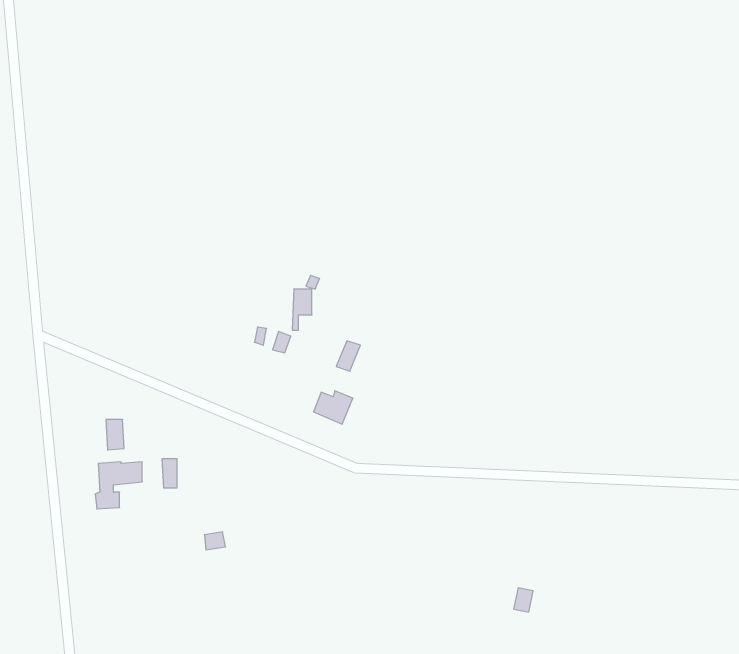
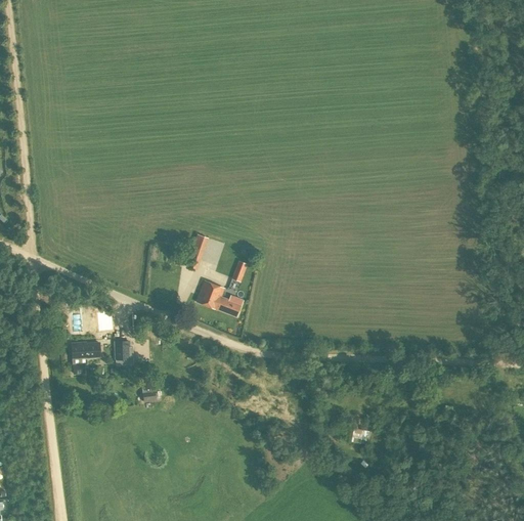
building: none -> [195,279,224,308]

